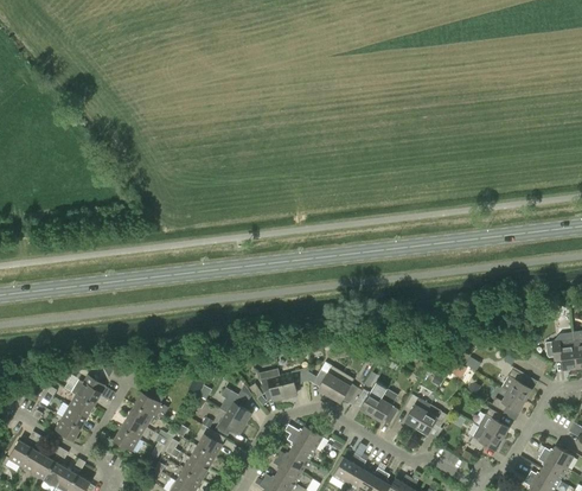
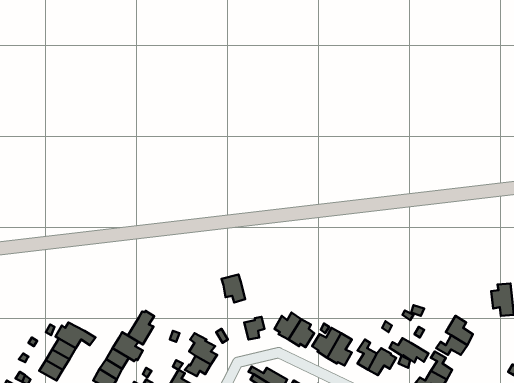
building: none -> [128,311,154,344]
building: [258,368,284,398] -> [221,274,245,302]
building: none -> [389,338,428,362]

